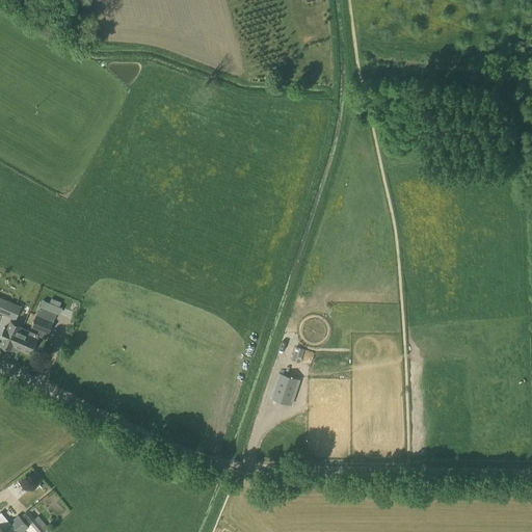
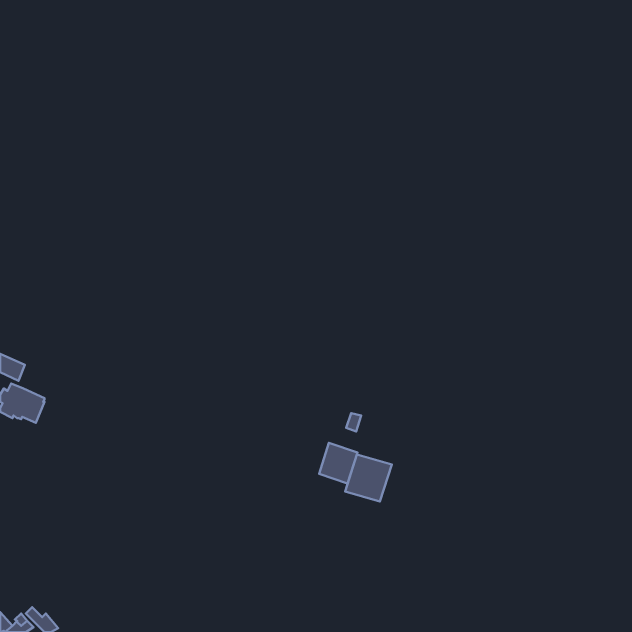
building: [31,307,57,340] -> none
building: none -> [345,454,392,502]

